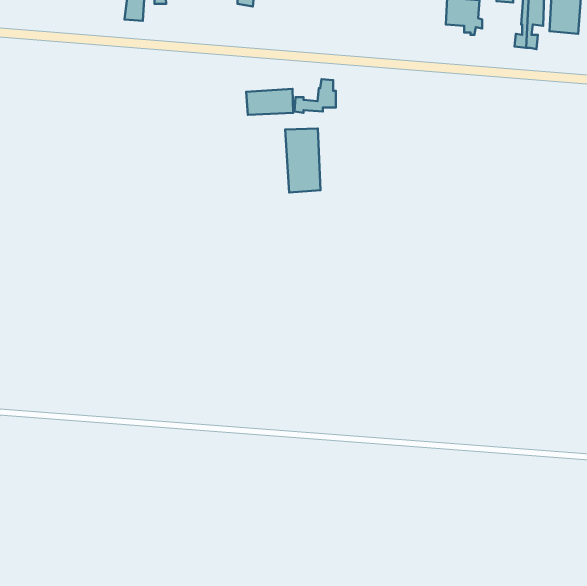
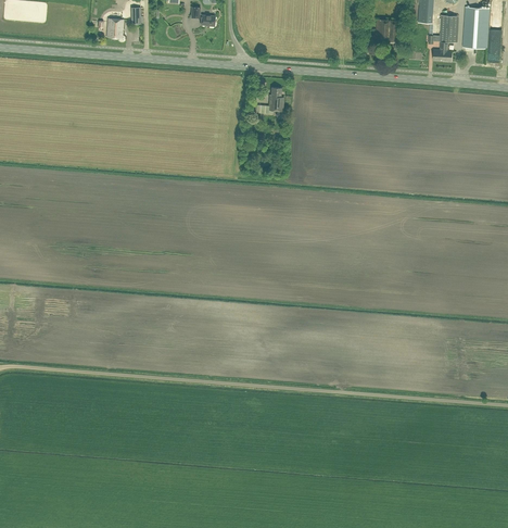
building: [246,89,293,115] -> none
building: [285,129,321,193] -> none

